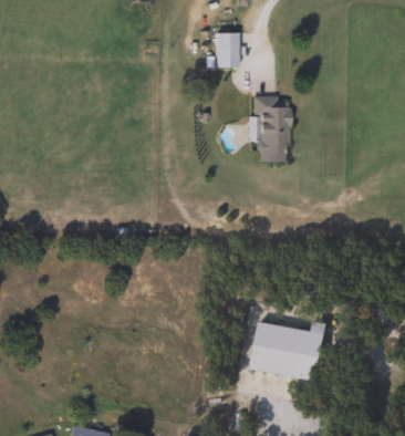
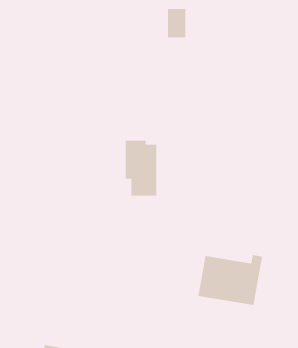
building: [253,96,291,162] -> [125,140,157,196]

